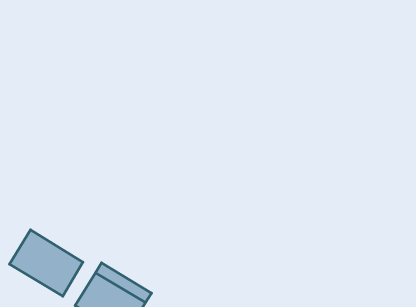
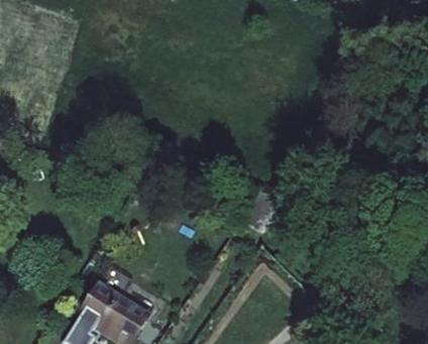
building: [10,230,83,296] -> none

